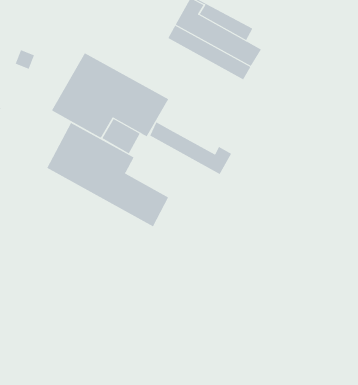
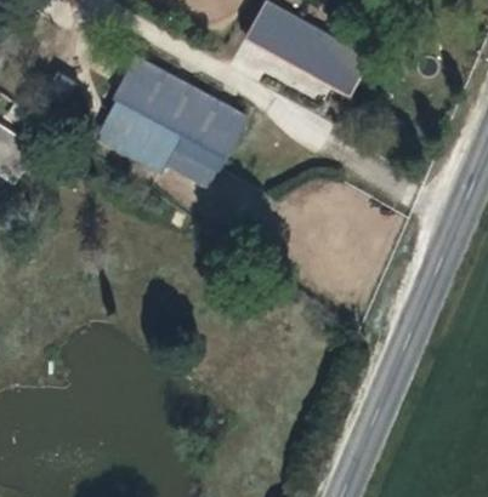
building: [149,122,232,175] -> none
building: [47,122,169,227] -> none

